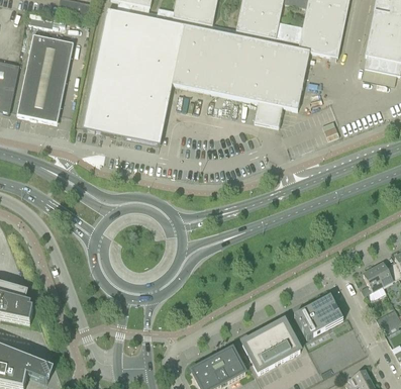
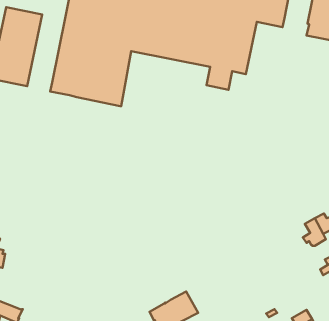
building: [293,295,340,337] -> none
building: [241,319,299,372] -> none

